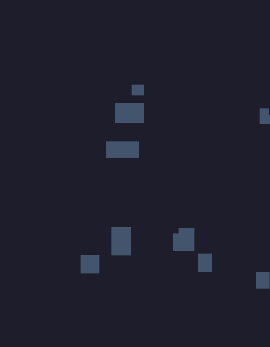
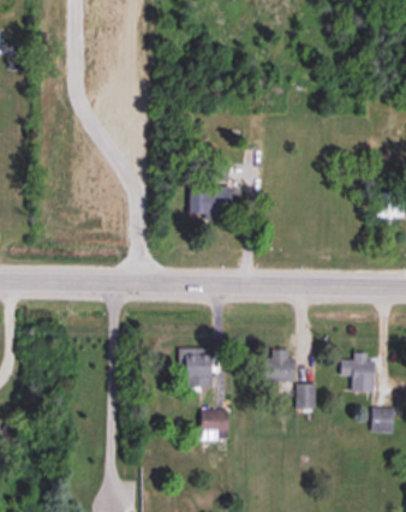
building: [106,140,139,159] -> none
building: none -> [341,353,374,392]
building: [80,254,100,274] -> [202,410,228,435]

